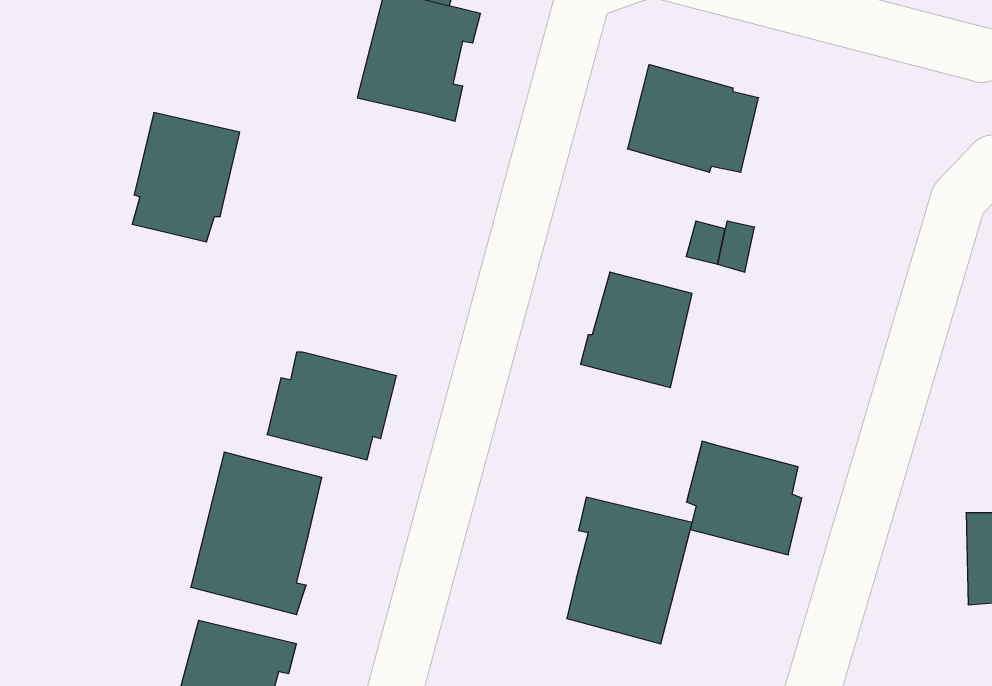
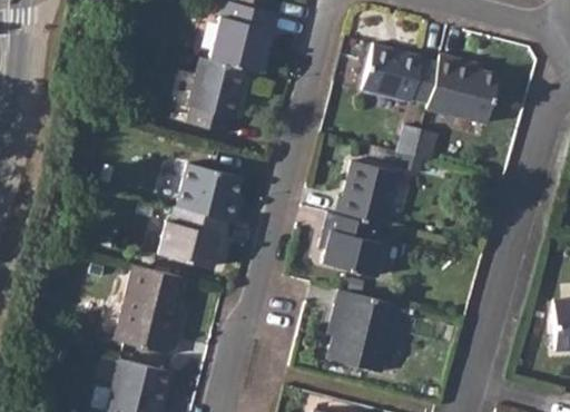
building: none -> [424,52,495,125]
building: [132,113,240,242] -> [185,59,246,133]
building: none -> [176,163,240,222]
building: [686,441,802,555] -> [317,210,383,275]

